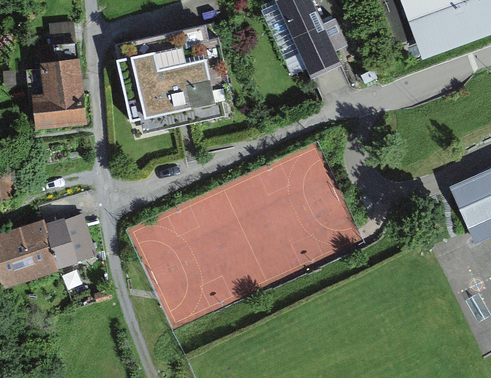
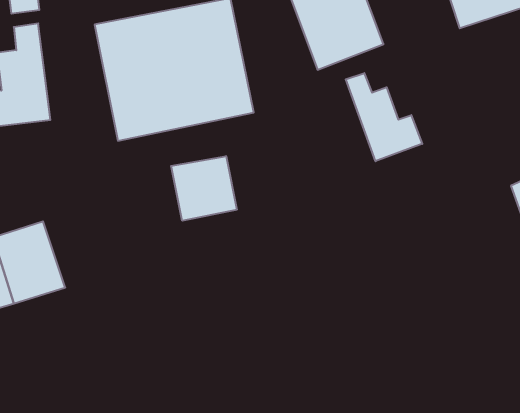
building: none -> [346,73,422,161]
building: none -> [171,156,237,221]

